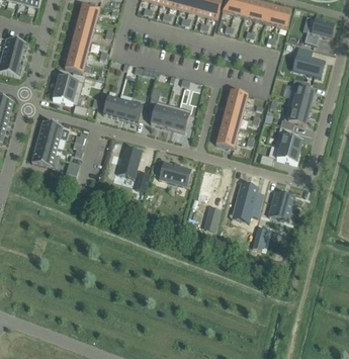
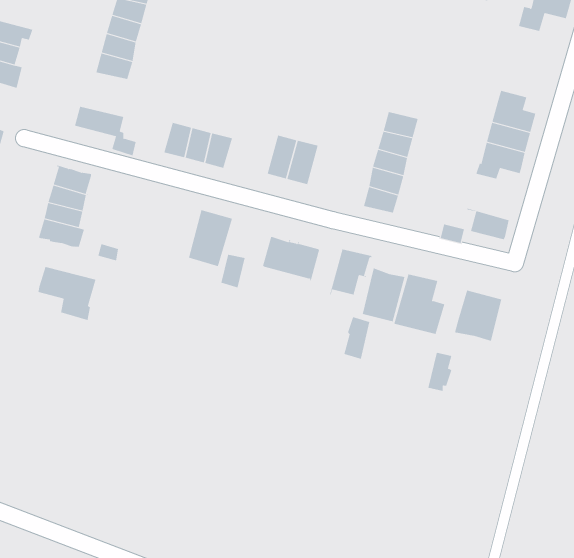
building: [296,46,325,76] -> none
building: [55,71,85,92] -> none
building: [148,86,167,124] -> none
building: [274,124,302,151] -> none
building: none -> [38,266,96,321]
building: none -> [362,268,405,323]

